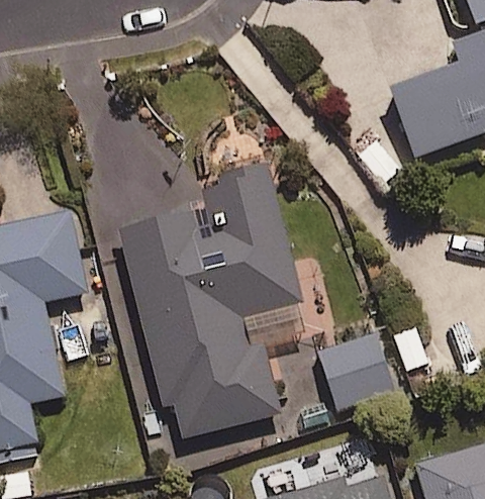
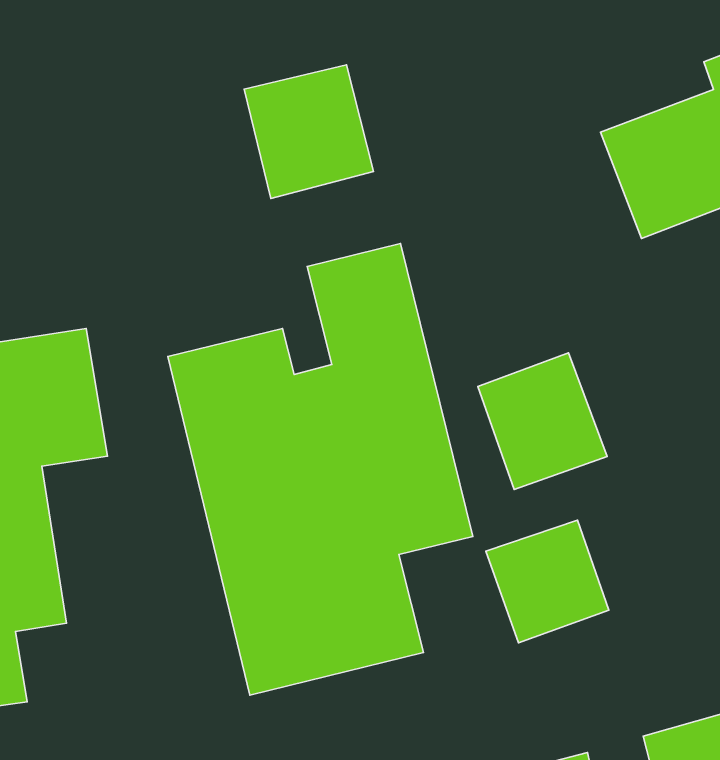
building: none -> [244,65,374,198]
building: none -> [478,353,607,490]

